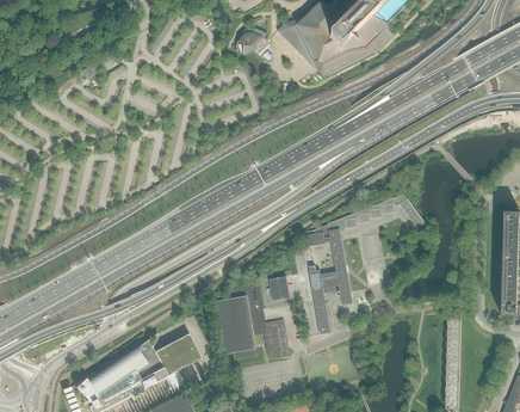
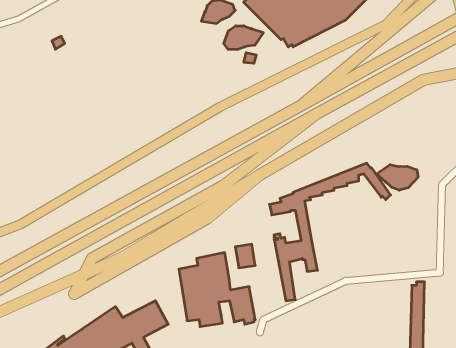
building: none -> [224,26,263,49]
building: none -> [376,165,418,190]

